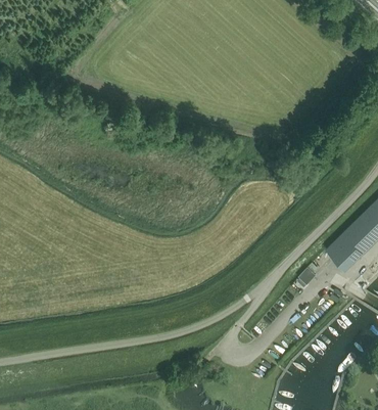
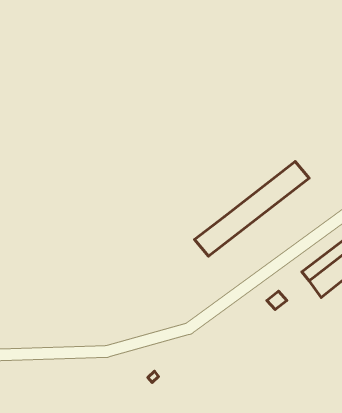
building: none -> [195,162,309,256]

